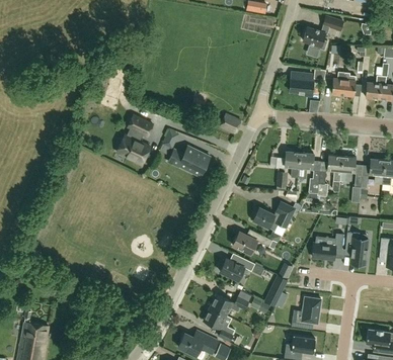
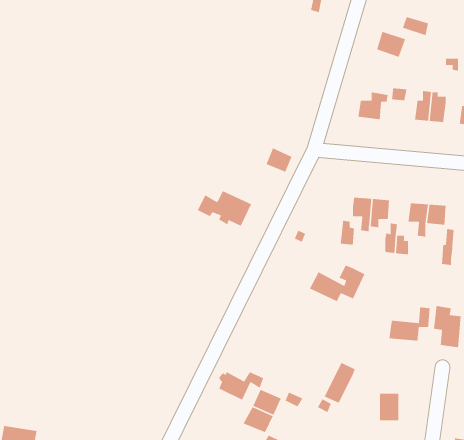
building: [117,115,154,165] -> none
building: [233,233,273,255] -> none
building: [221,259,255,281] -> [218,371,264,401]

